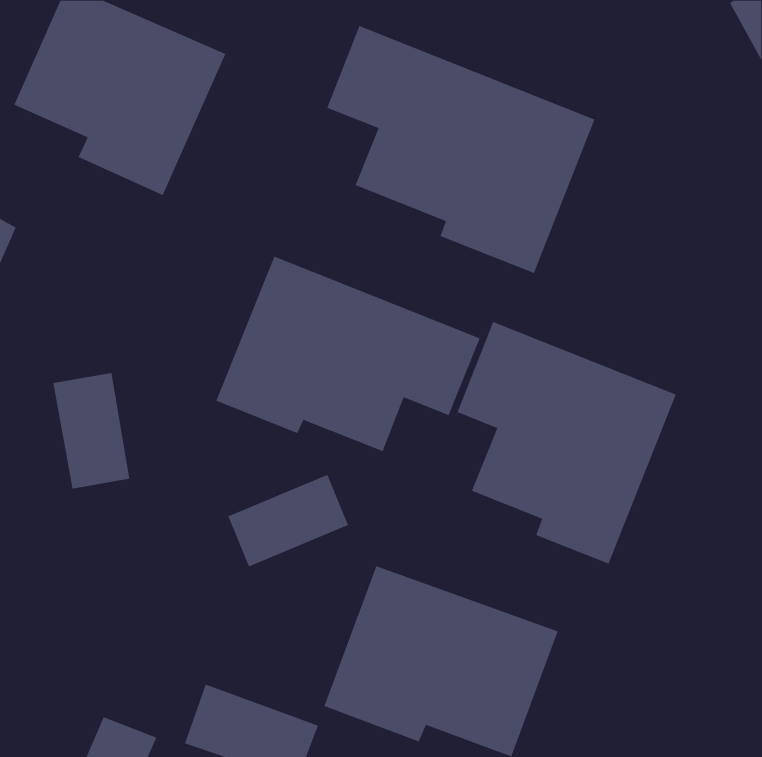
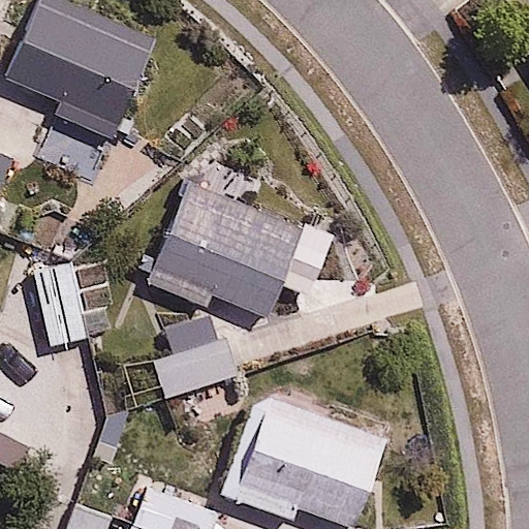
building: [327,25,595,274] -> none
building: [457,321,676,565] -> none

